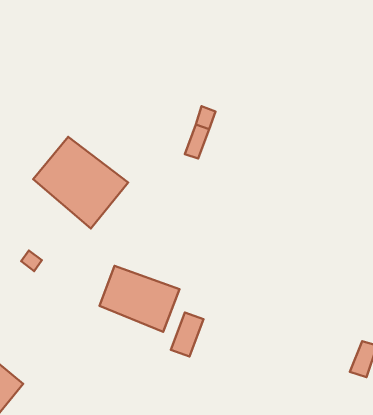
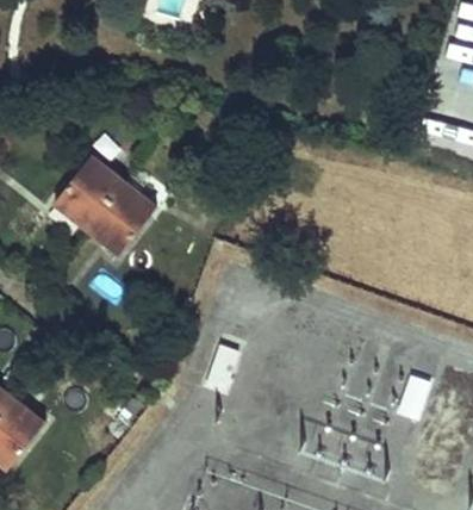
building: [100,266,179,332] -> none

